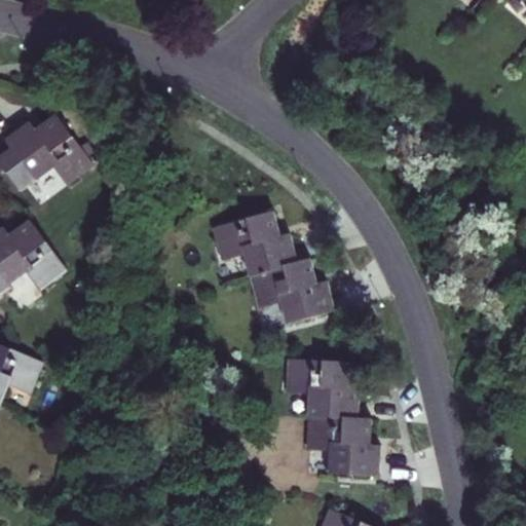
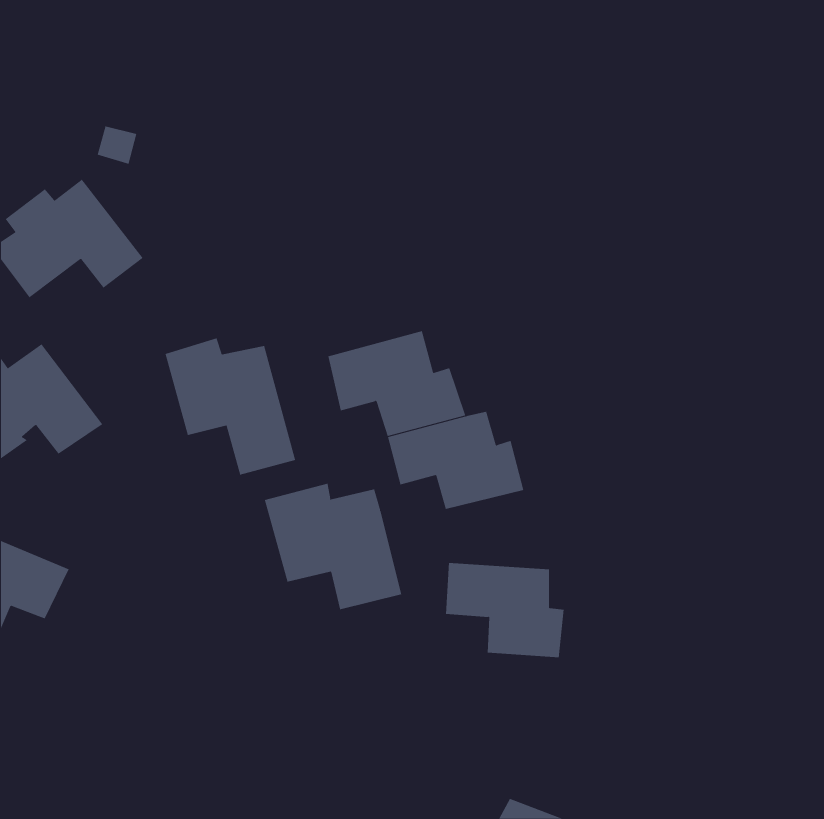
building: none -> [165,337,296,476]
building: none -> [264,483,402,610]
building: [307,416,378,475] -> none

